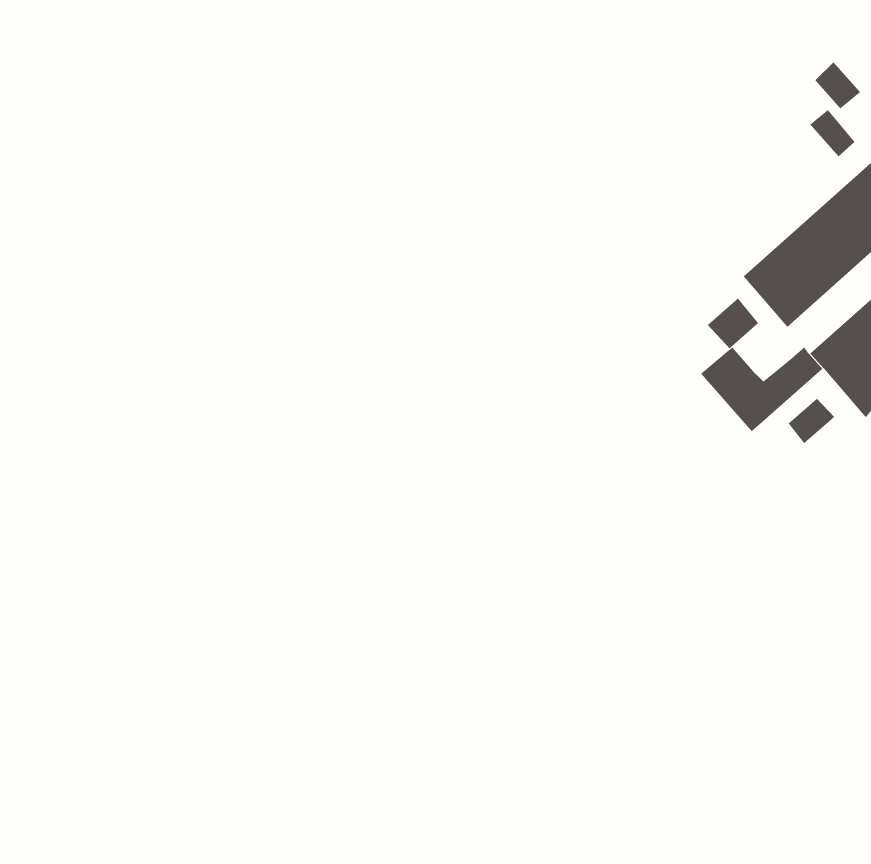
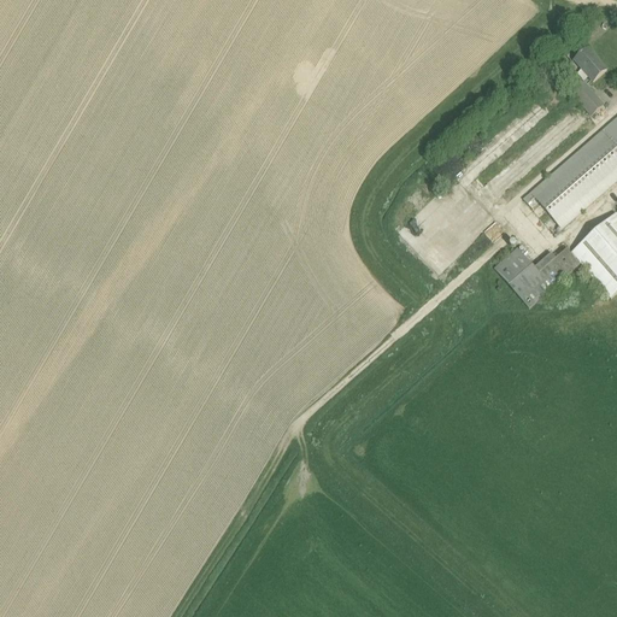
building: [707,297,759,349] -> none
building: [788,398,835,444] -> none

